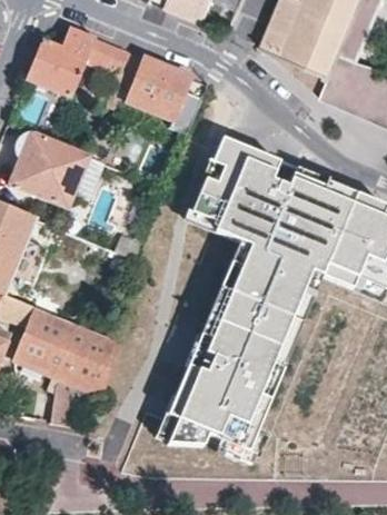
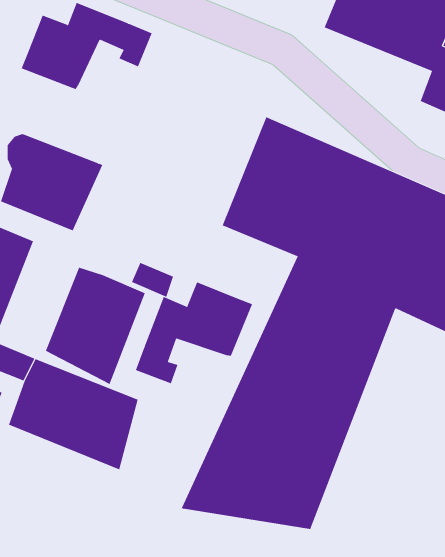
building: [113,56,191,123] -> none
building: none -> [45,267,146,385]
building: none -> [135,282,253,384]

